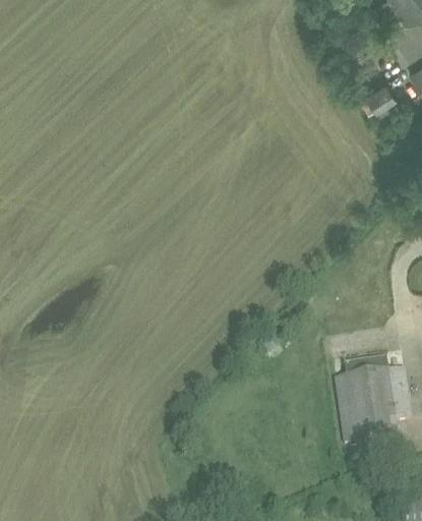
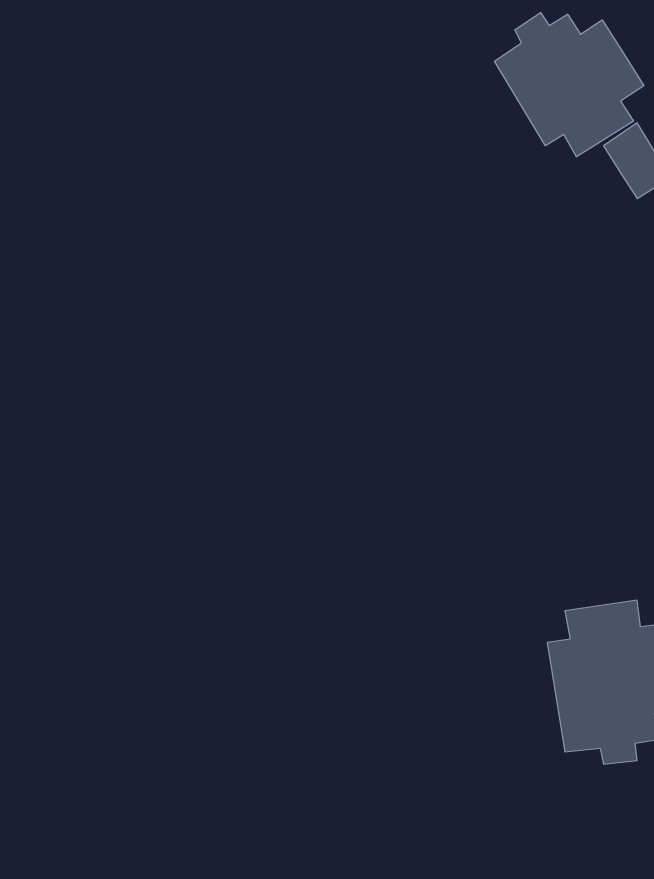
building: none -> [495,12,644,157]

